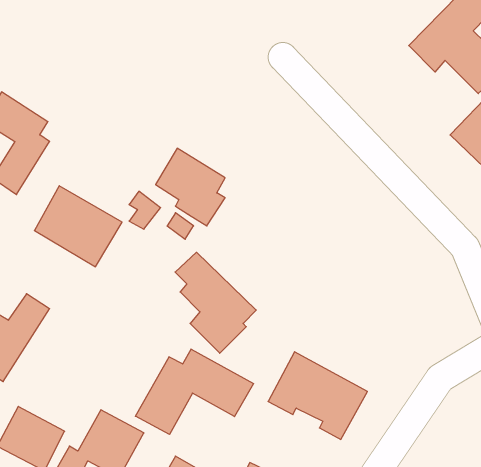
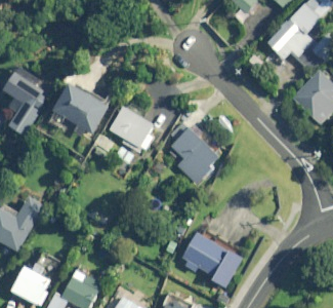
building: [34,186,122,267] -> [54,82,109,132]
building: [175,252,256,353] -> [167,121,217,184]
building: [135,349,254,434] -> none

